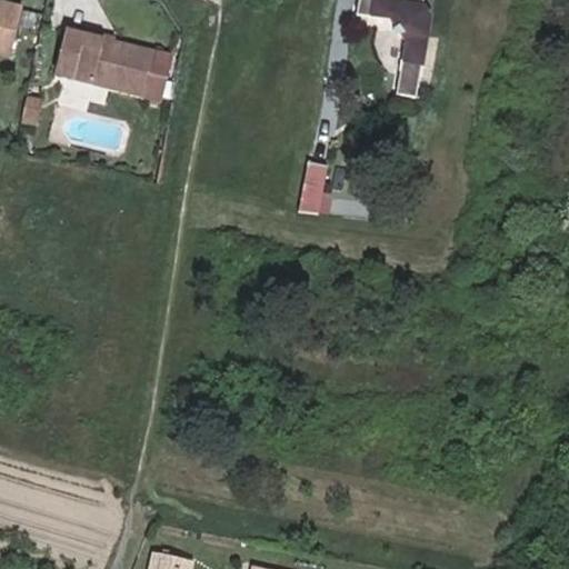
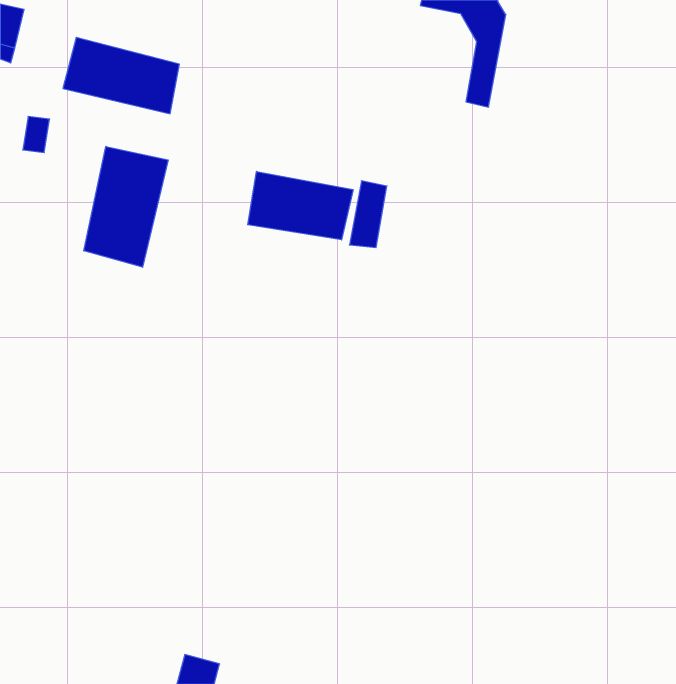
building: none -> [84,146,168,267]
building: none -> [248,171,353,240]

